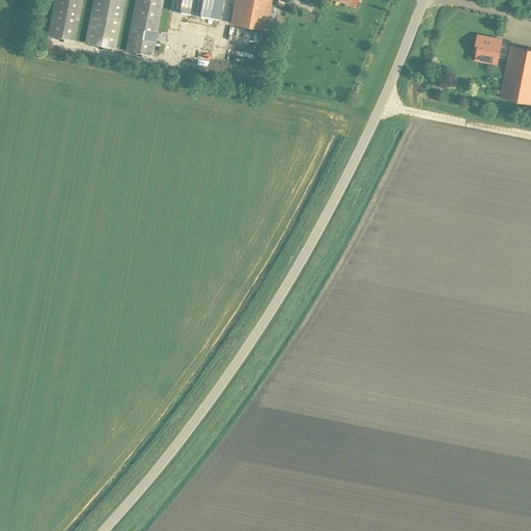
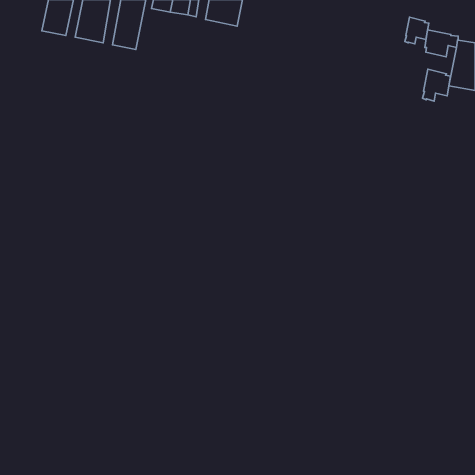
building: none -> [405,17,429,44]
building: none -> [423,69,451,101]

